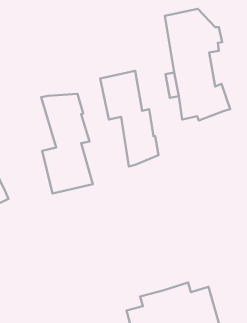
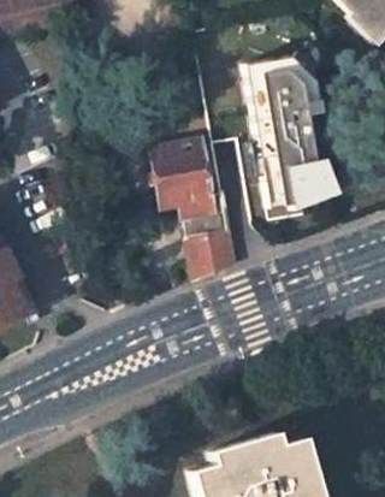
building: [41,94,93,193] -> none

